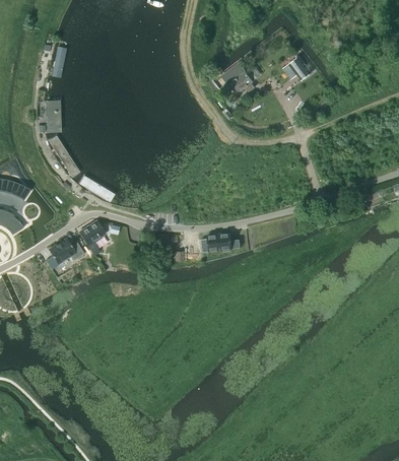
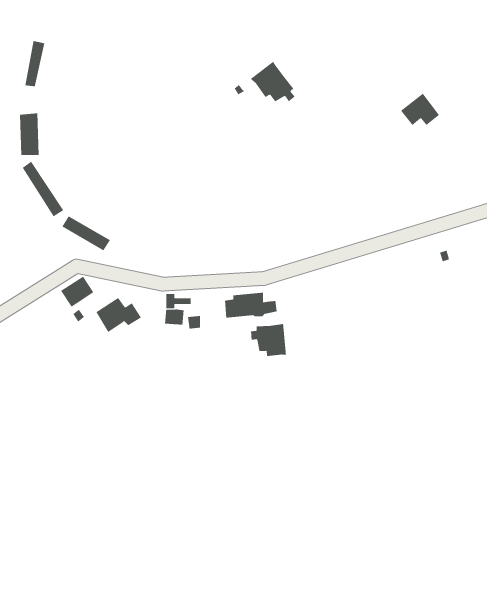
building: [282,56,312,80] -> [400,93,440,126]
building: [49,239,83,265] -> [95,297,142,333]
building: none -> [251,323,286,357]

